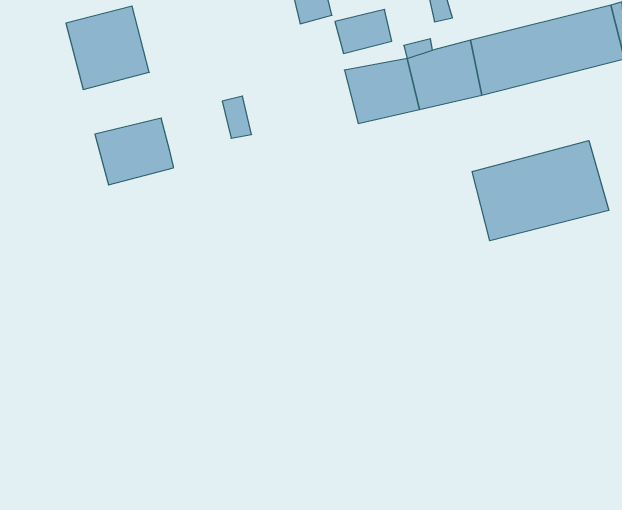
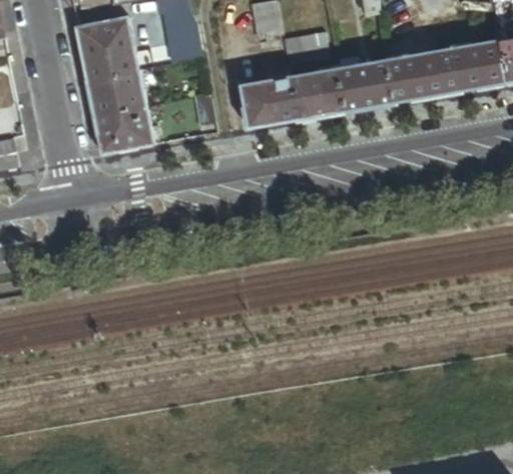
building: none -> [240,76,297,126]
building: none -> [85,68,144,113]
building: [472,141,609,241] -> none

